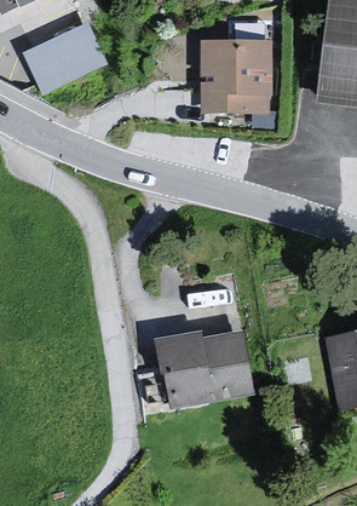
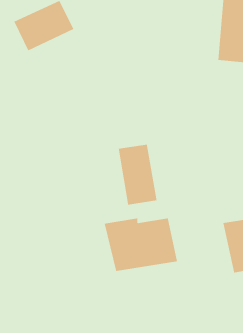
building: [201,39,272,111] -> none
building: none -> [118,144,157,206]

